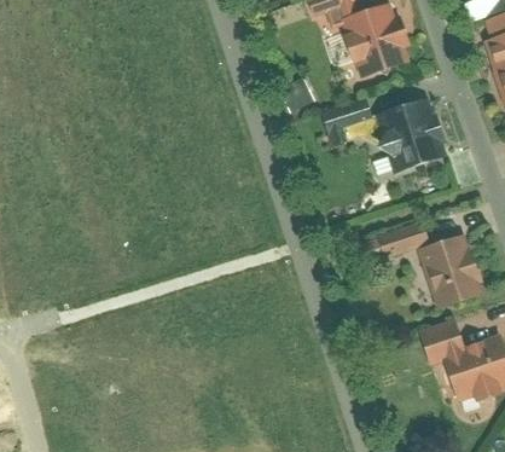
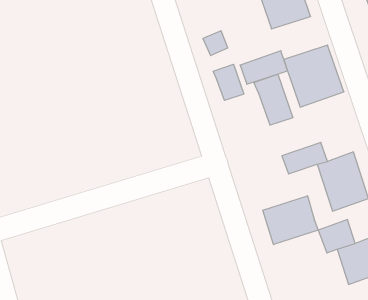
building: none -> [213,64,244,100]
building: none -> [254,74,293,125]
building: none -> [263,196,318,245]

